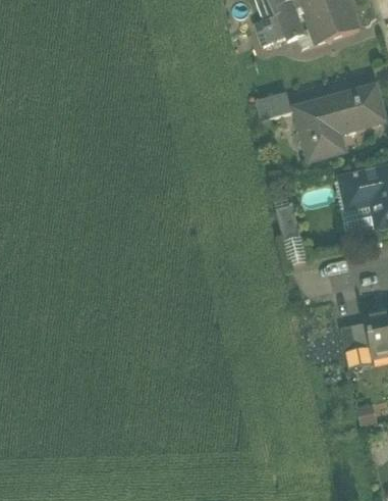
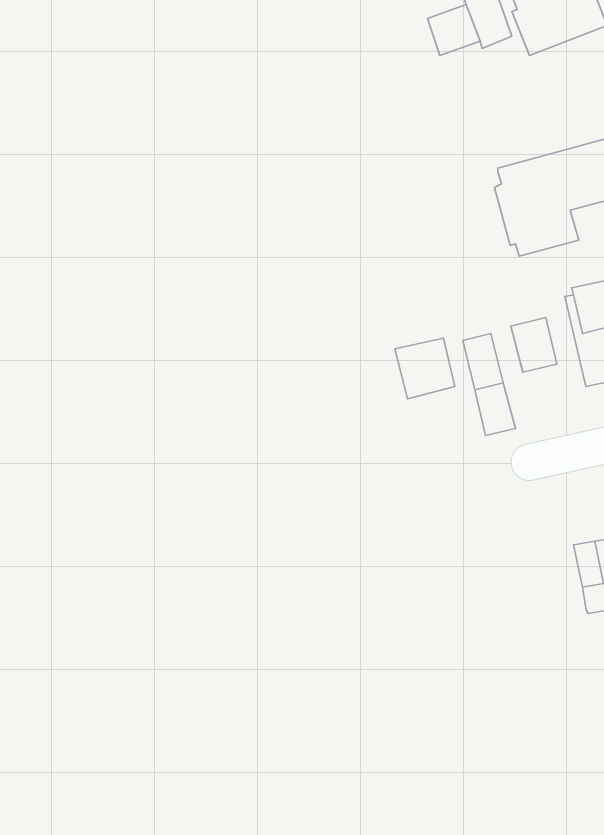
building: [257,92,290,120] -> none
building: none -> [511,317,557,372]
building: none -> [395,338,455,399]

